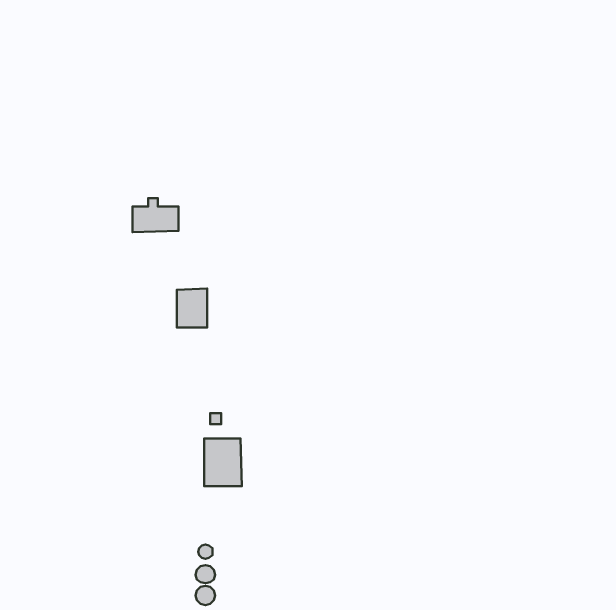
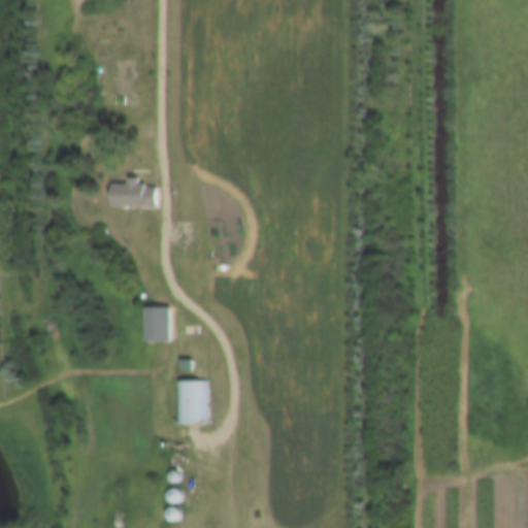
building: [177,289,207,327] -> [144,306,170,339]

